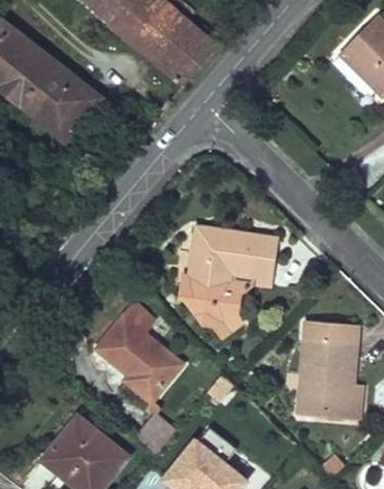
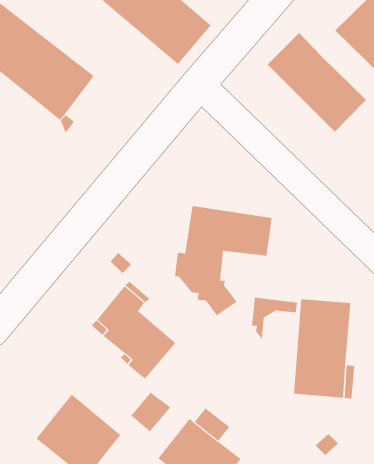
building: none -> [267,32,367,132]
building: [226,272,273,315] -> [251,297,298,341]

